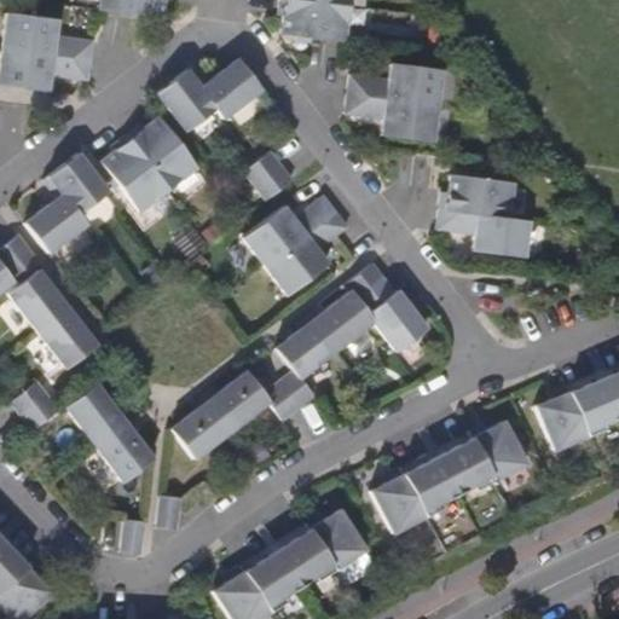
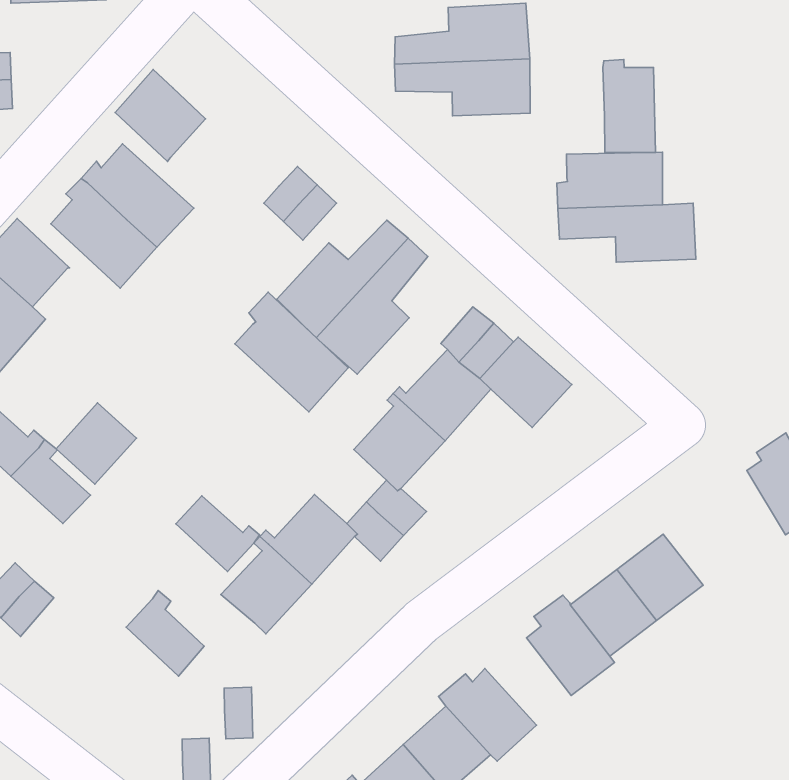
building: [187,59,262,118] -> none
building: none -> [603,60,655,153]
building: none -> [235,292,348,412]
building: none -> [56,403,136,484]
building: [76,384,131,438] -> [176,496,260,571]
building: [469,420,528,482] -> none

